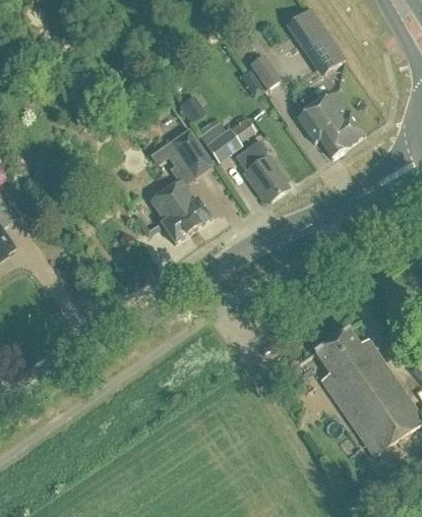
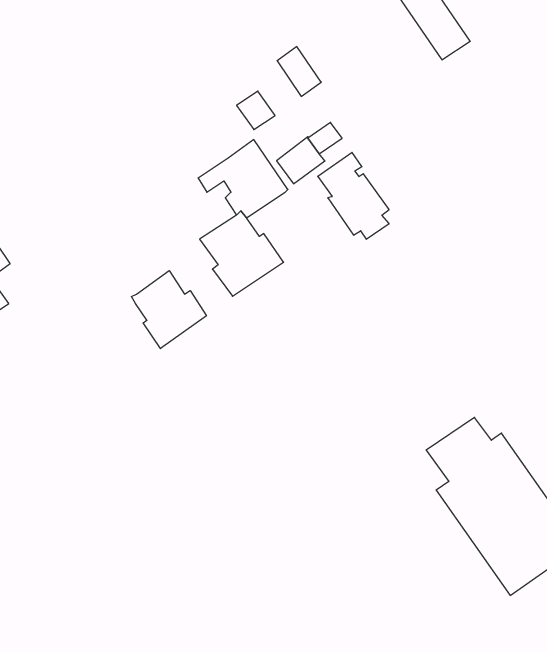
building: [249,54,281,90] -> [277,47,321,96]
building: [296,92,364,158] -> none
building: none -> [131,271,206,349]

